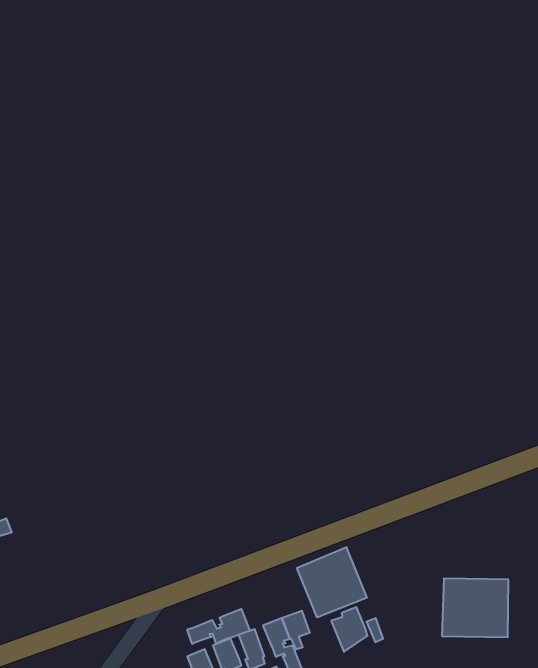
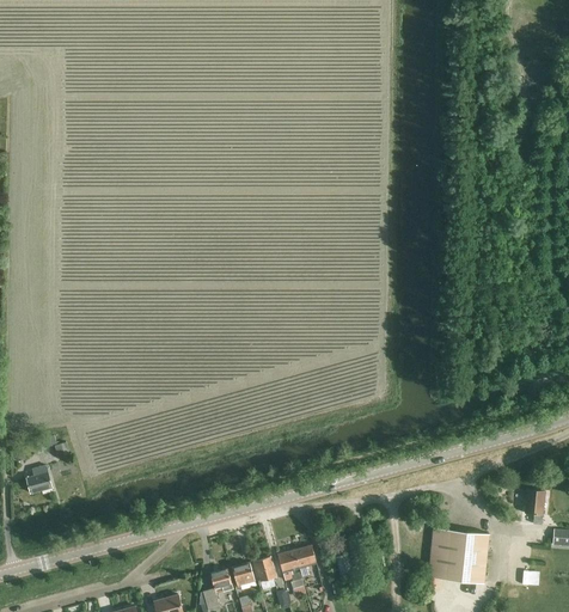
building: [297,547,367,617] -> none
building: [187,609,250,644] -> none

